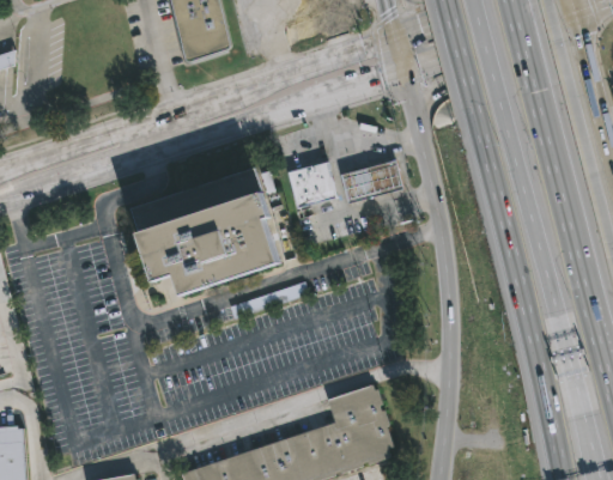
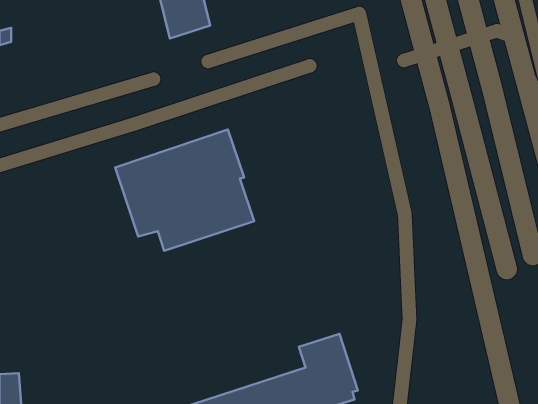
building: [340,162,401,201] -> none
building: [287,163,335,208] -> none

